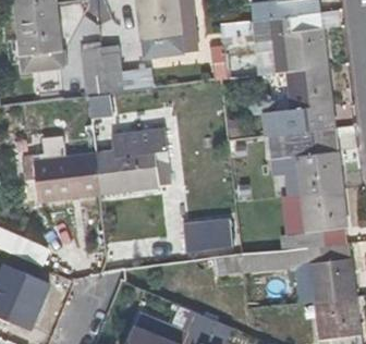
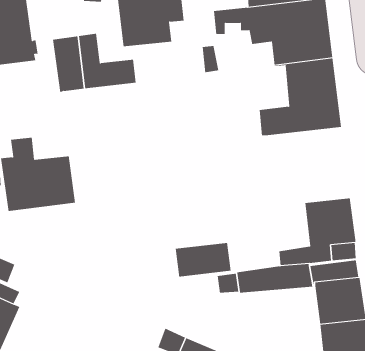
building: [95,127,168,194] -> none
building: [267,127,342,197] -> none

